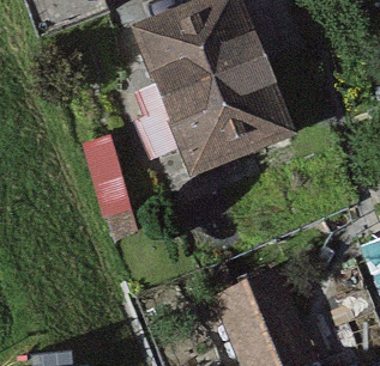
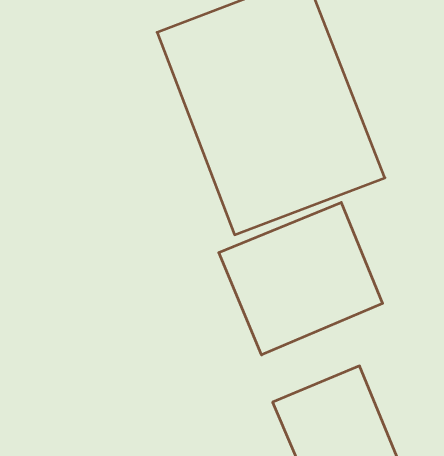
building: none -> [219,202,383,355]

